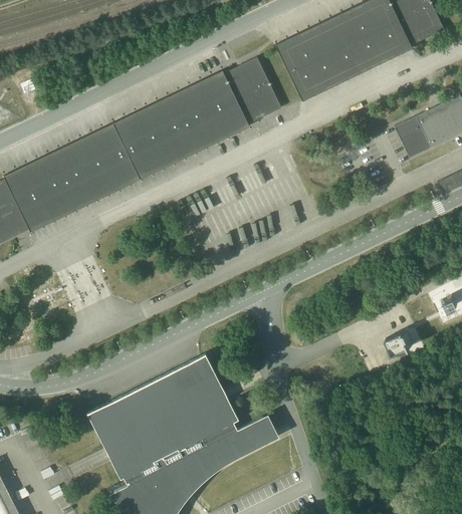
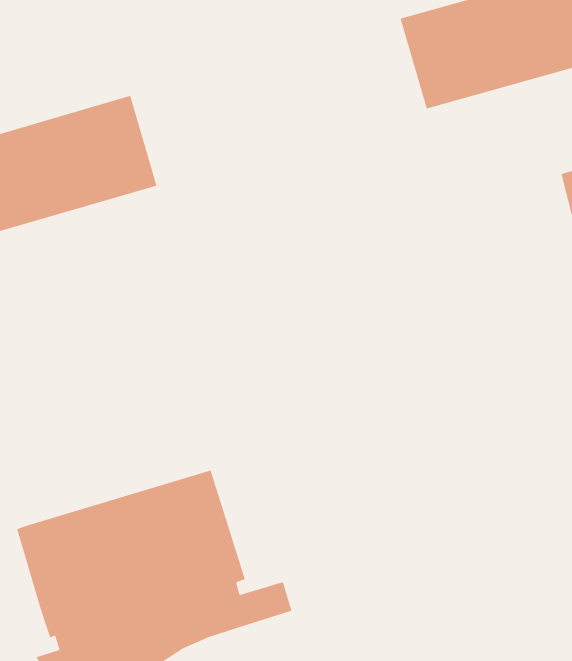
building: [112,57,281,179] -> none
building: [387,329,415,354] -> none

